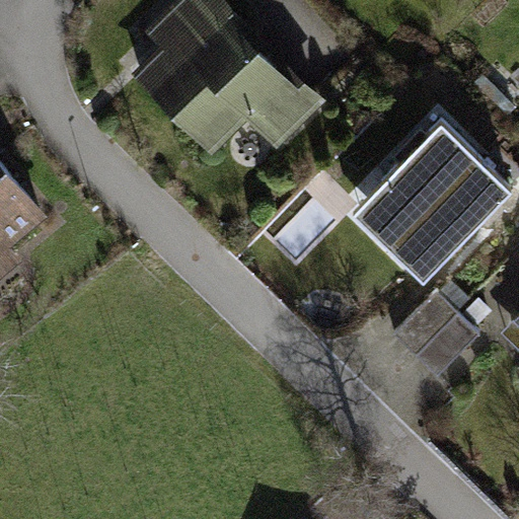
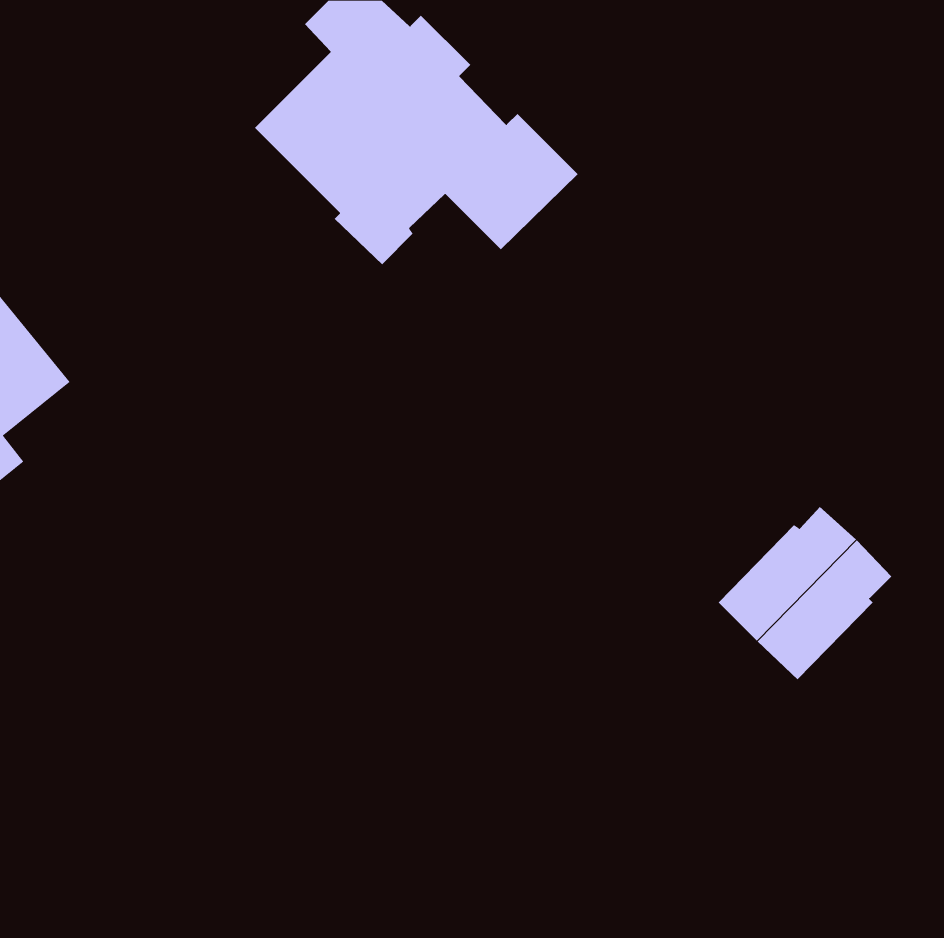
building: [383,125,506,277] -> none

